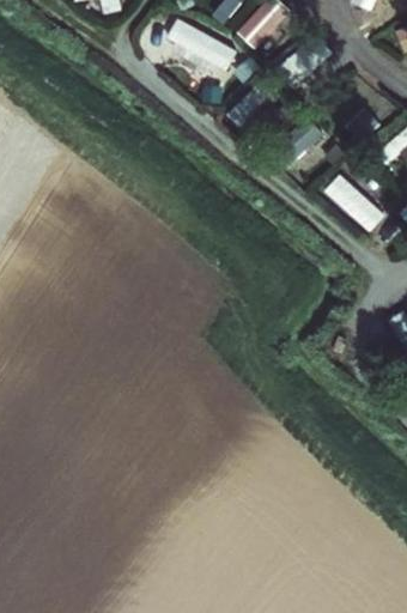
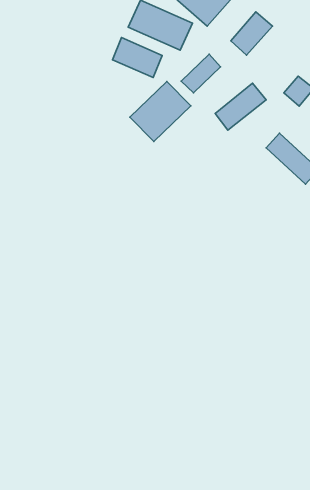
building: none -> [112,38,162,78]
building: none -> [130,82,191,142]

